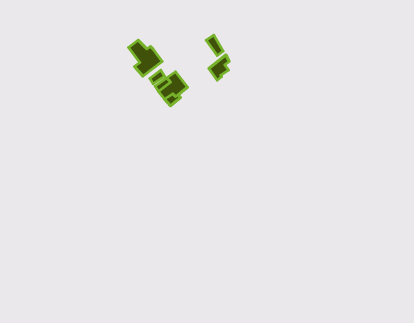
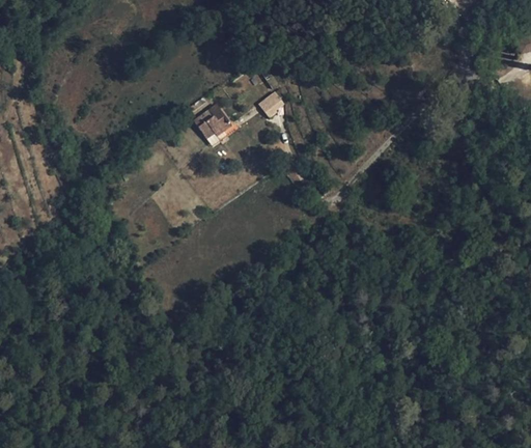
building: [128,40,162,76] -> none

